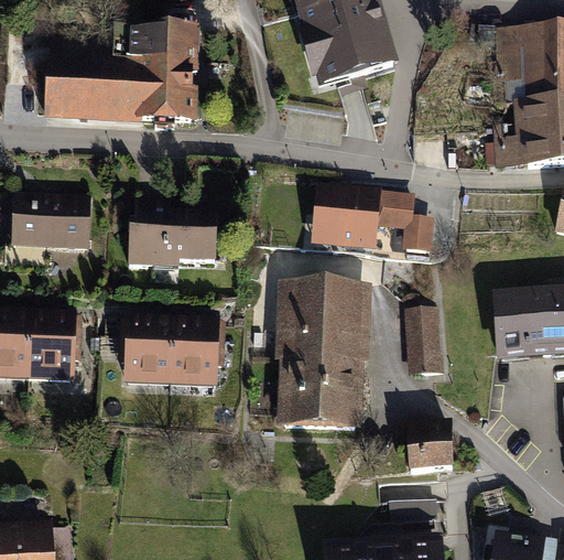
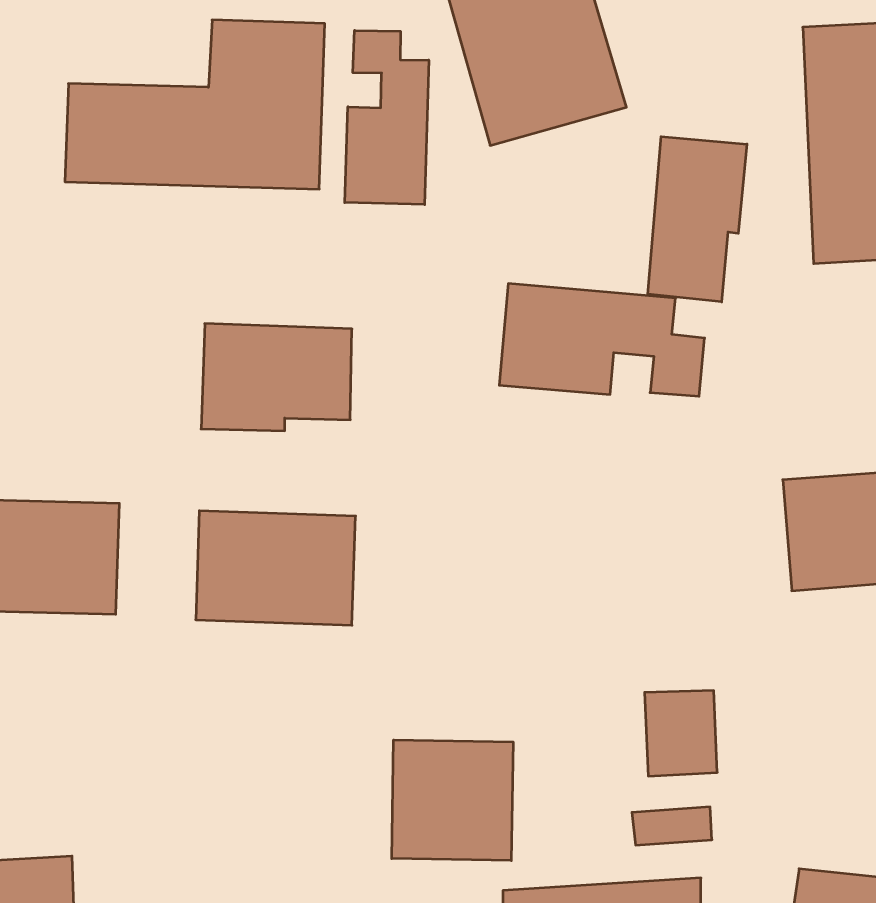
building: none -> [345,30,429,205]
building: none -> [648,137,747,302]
building: [14,192,95,250] -> none
building: [279,281,368,430] -> none
building: [395,306,435,377] -> none
building: none -> [392,740,513,861]

